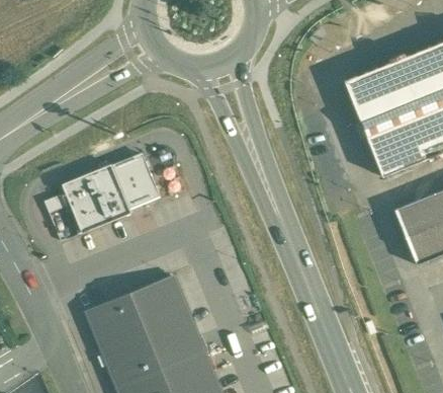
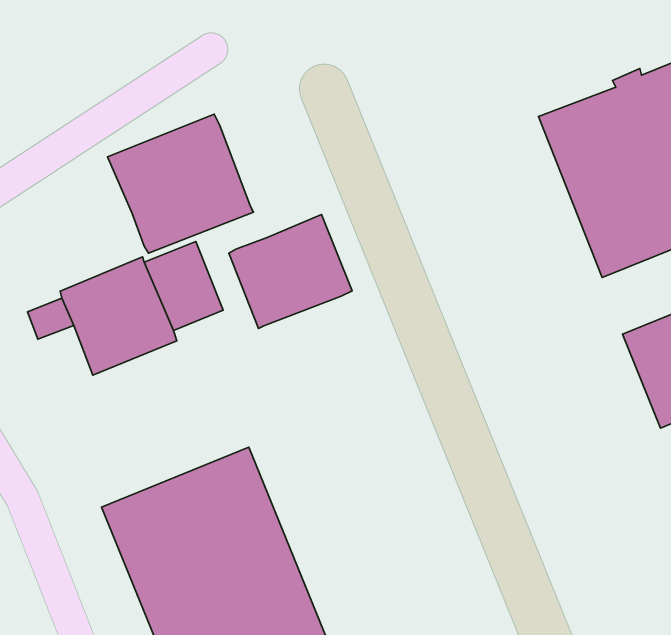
building: none -> [108,114,253,253]
building: none -> [229,214,352,329]

